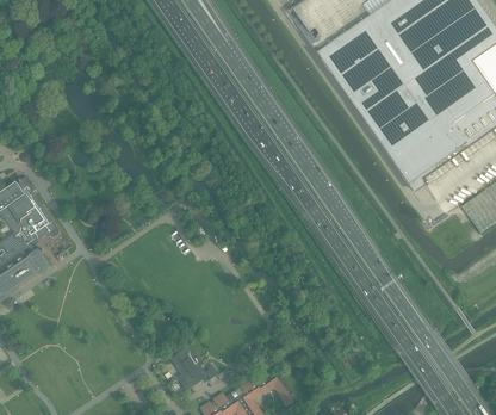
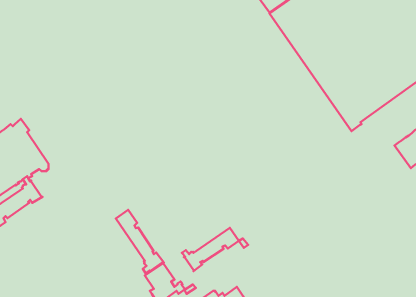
building: none -> [116,210,164,273]
building: none -> [182,228,239,271]

